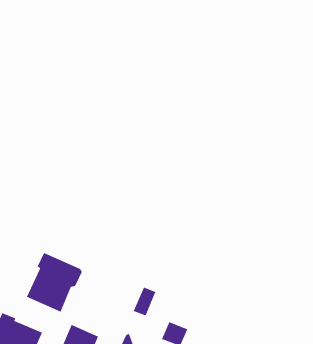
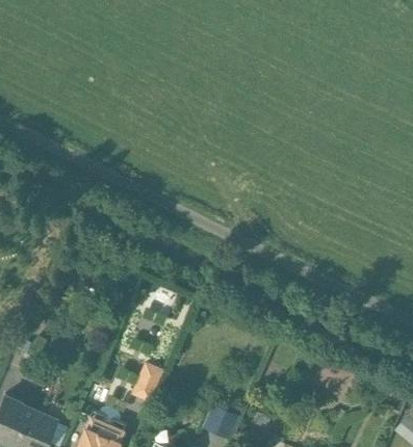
building: [26,252,82,312] -> none
building: [133,287,156,316] -> [133,365,162,401]

